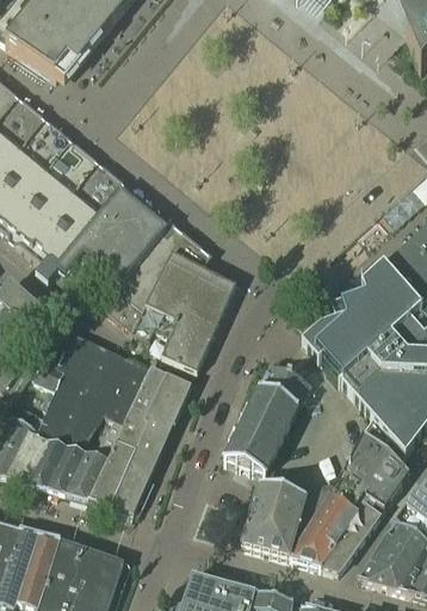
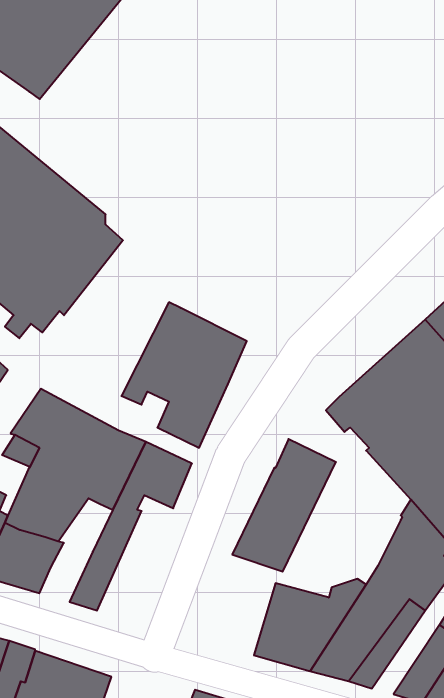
building: [82,200,185,329] -> none
building: [110,412,173,513] -> none
building: [62,419,123,500] -> none

